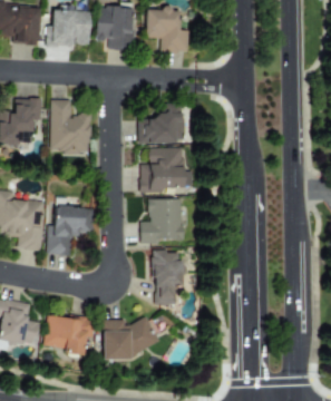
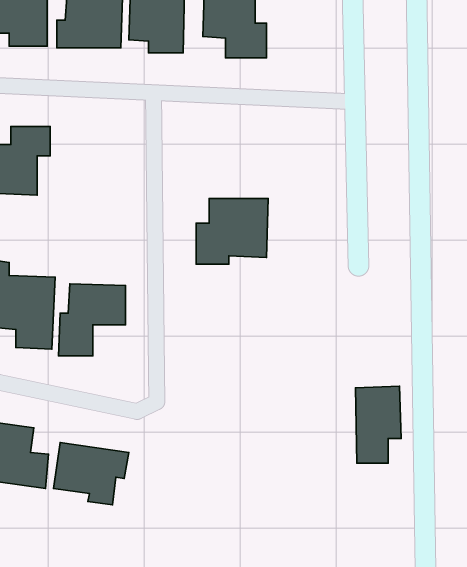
building: [49,100,90,153] -> none
building: [137,105,182,144] -> none
building: [139,198,182,243] -> none
building: [152,252,183,304] -> [355,386,401,463]
building: [101,320,153,356] -> none

